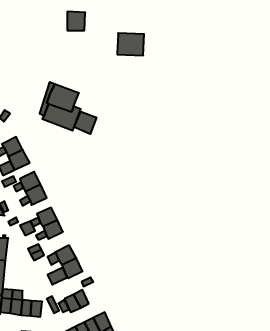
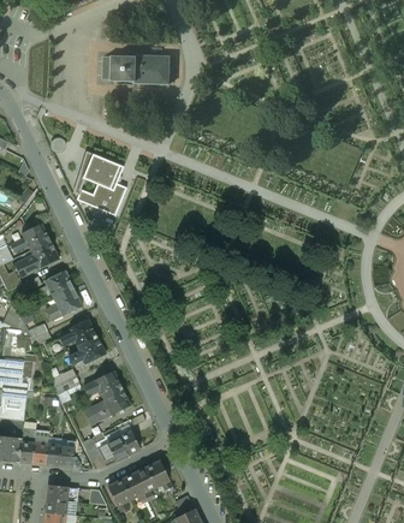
building: [117,33,144,55] -> [132,55,168,85]
building: [74,112,96,134] -> none

